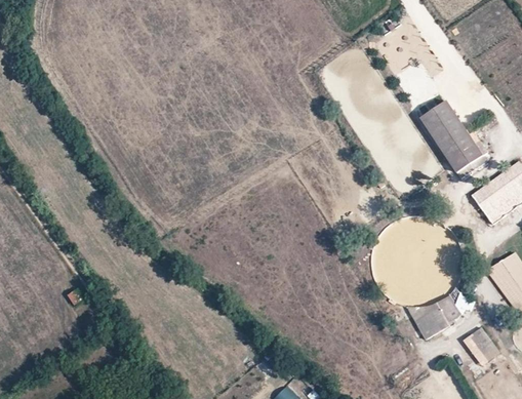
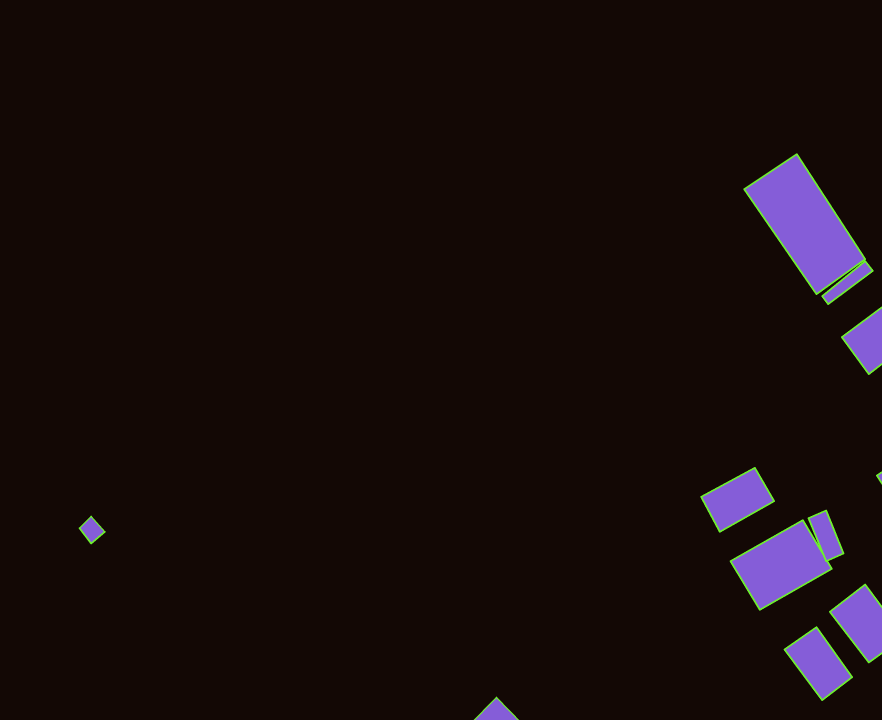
building: none -> [701,468,774,532]
building: none -> [785,627,852,700]

